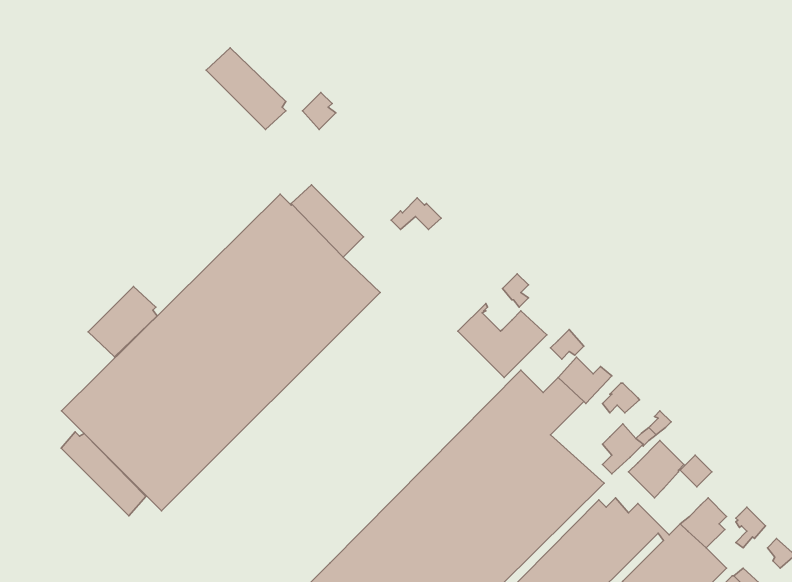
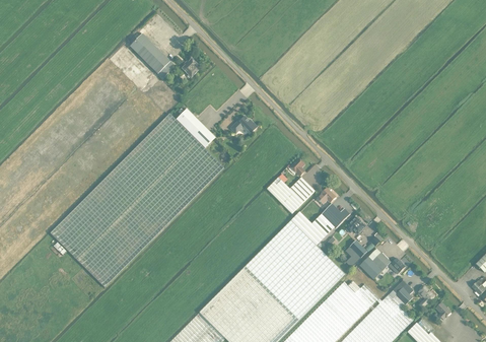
building: [88,286,157,357] -> none
building: [61,432,146,516] -> none

